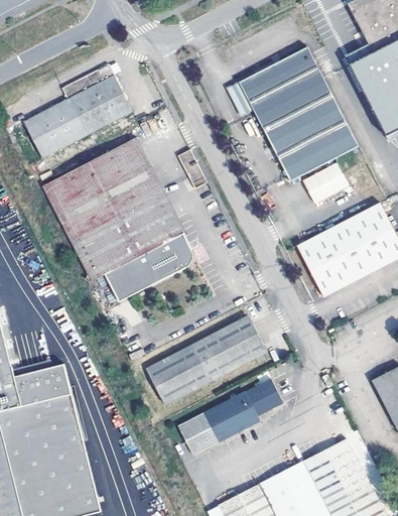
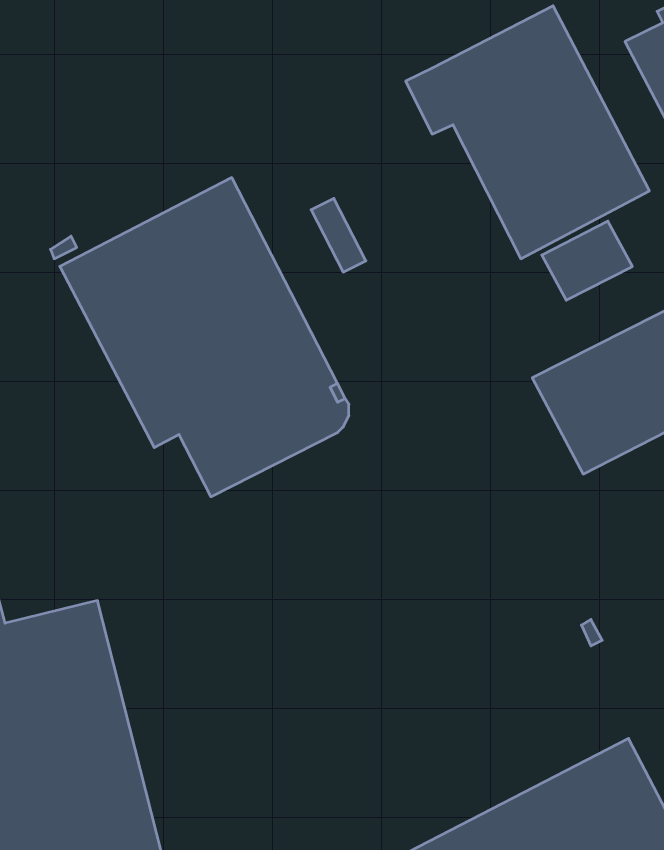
building: [22,63,132,158] -> none
building: [146,315,267,404] -> none
building: [177,378,283,456] -> none

